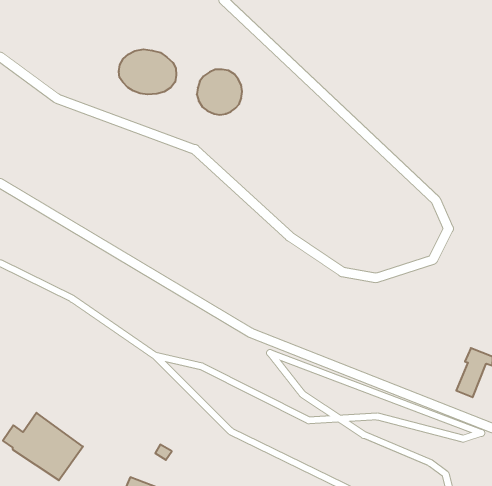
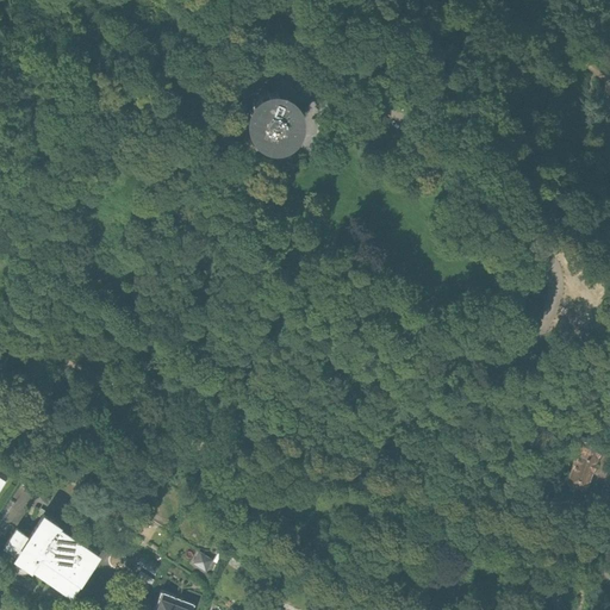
building: [119,49,176,94] -> none

